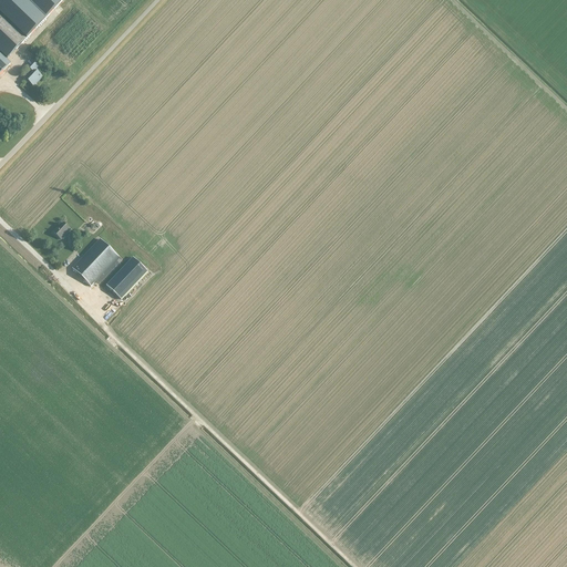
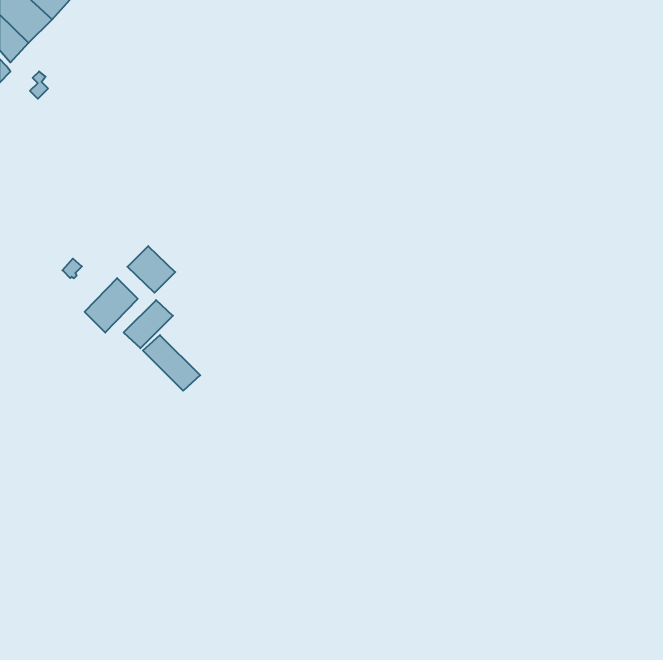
building: none -> [127,246,175,293]
building: none -> [143,335,200,391]

